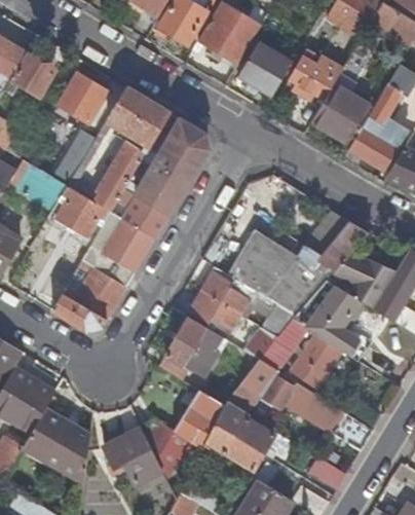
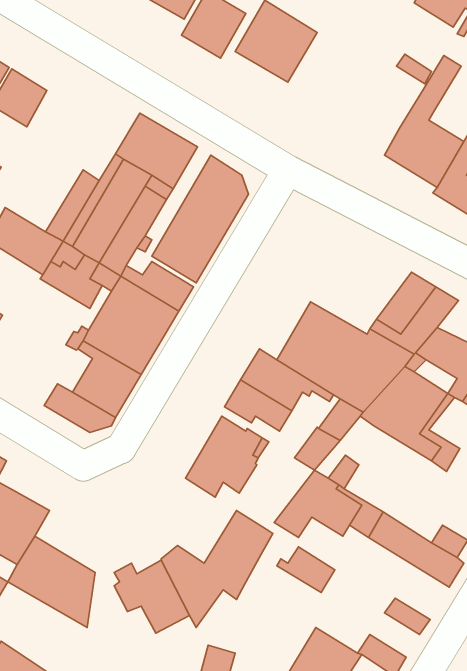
building: [237,42,292,97] -> none
building: [289,47,341,99] -> none
building: [54,72,106,123] -> none
building: [290,334,340,387] -> none
building: [204,425,263,471] -> none

